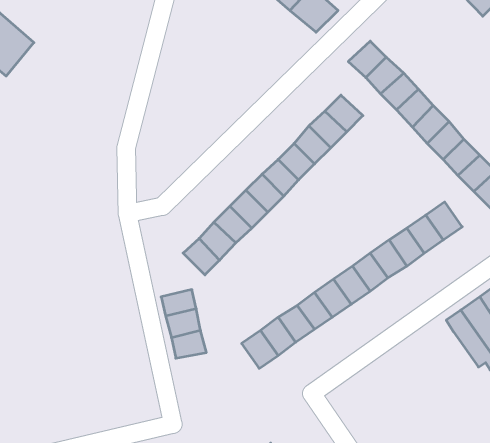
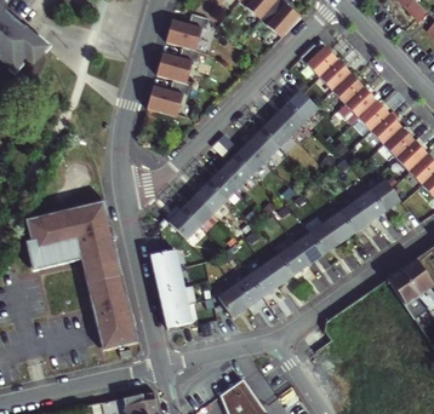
building: none -> [164,21,200,53]
building: none -> [154,52,192,85]
building: none -> [145,86,183,120]
building: none -> [23,206,137,349]
building: none -> [162,304,192,329]

